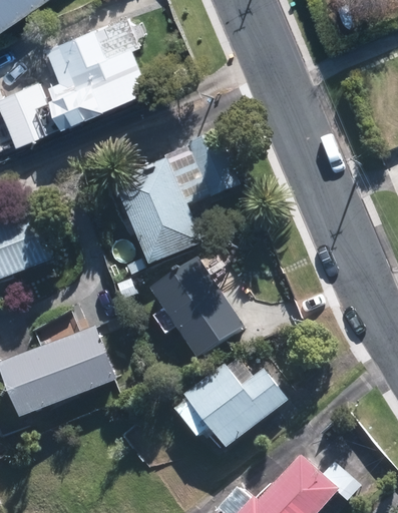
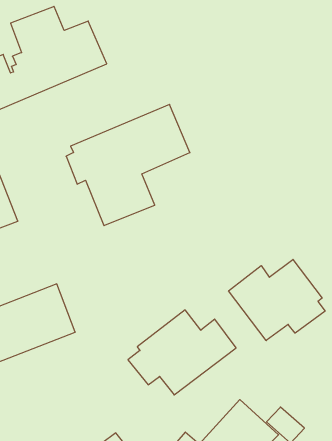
building: [148,253,247,358] -> none
building: none -> [229,259,325,341]

